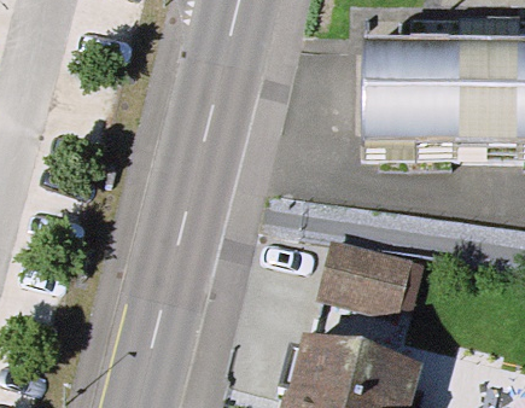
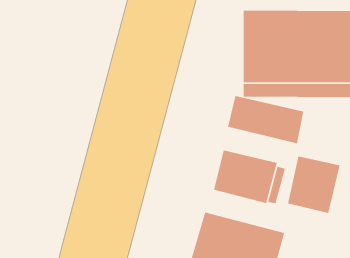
building: none -> [227,95,305,144]
building: none -> [287,155,341,214]

